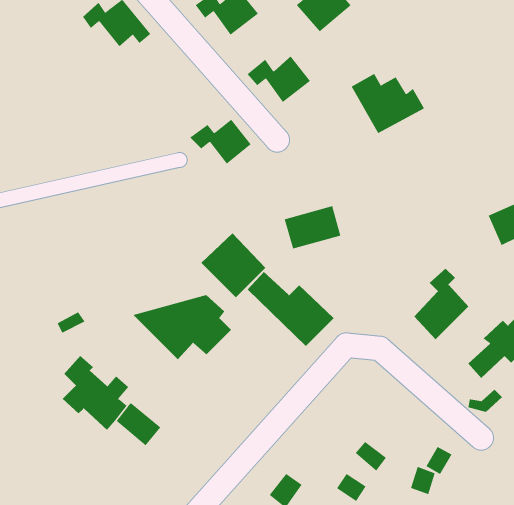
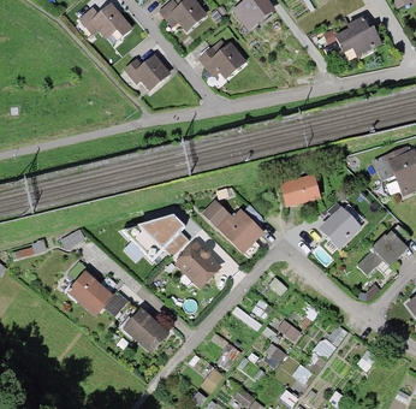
building: [351,73,425,134] -> [328,16,381,59]
building: [189,119,252,164] -> [125,55,170,88]
building: [284,206,341,249] -> [278,176,319,207]
building: [201,232,266,298] -> [176,239,222,286]
building: none -> [123,308,167,350]

